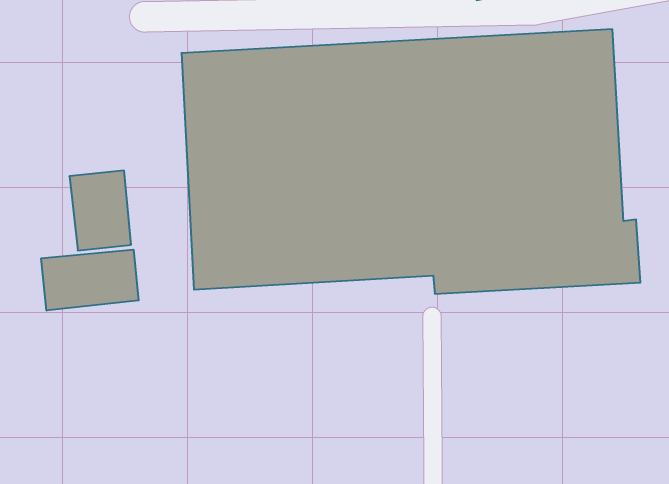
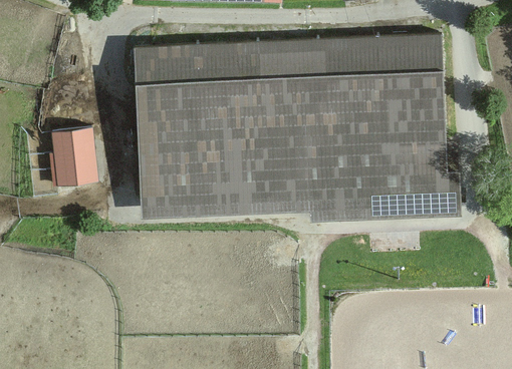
building: [41,250,139,311] -> none

